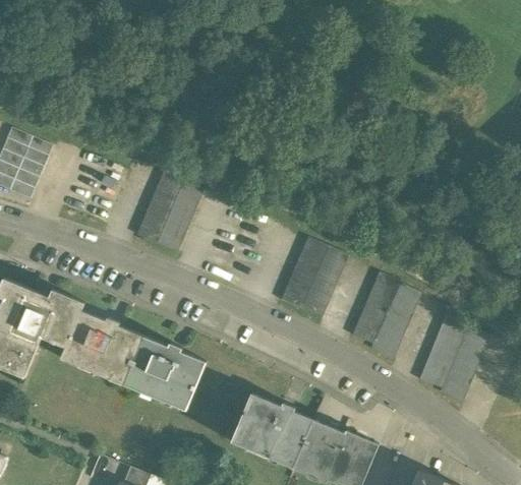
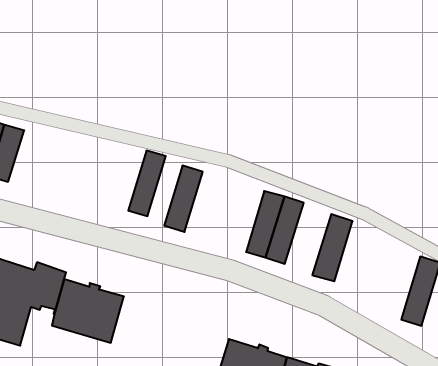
building: [135,172,183,244] -> [164,166,203,232]
building: [370,285,420,359] -> none
building: [418,313,467,389] -> none
building: [123,337,205,411] -> none

